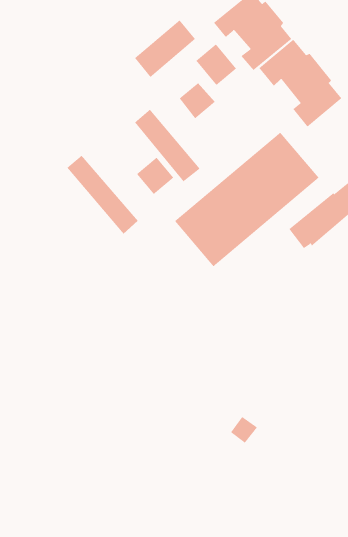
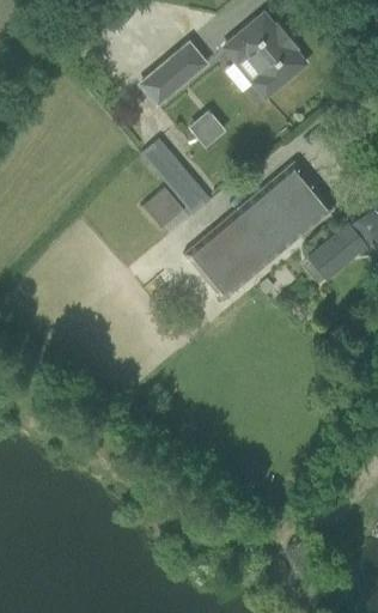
building: [259,39,342,127] -> none
building: [196,44,237,86] -> none
building: [67,155,138,235] -> none

